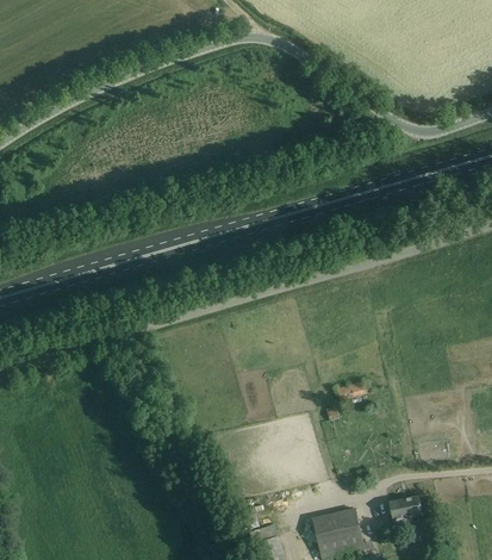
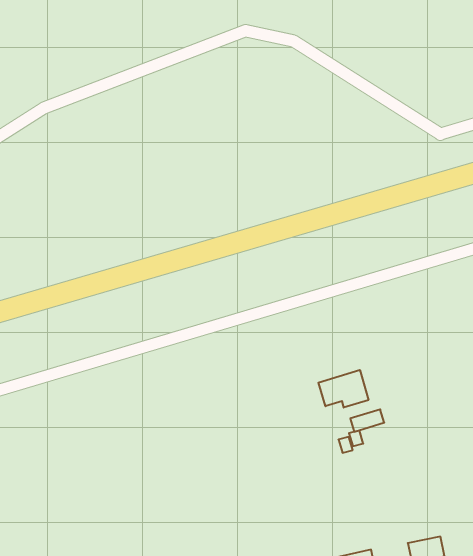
building: none -> [318,370,368,408]

